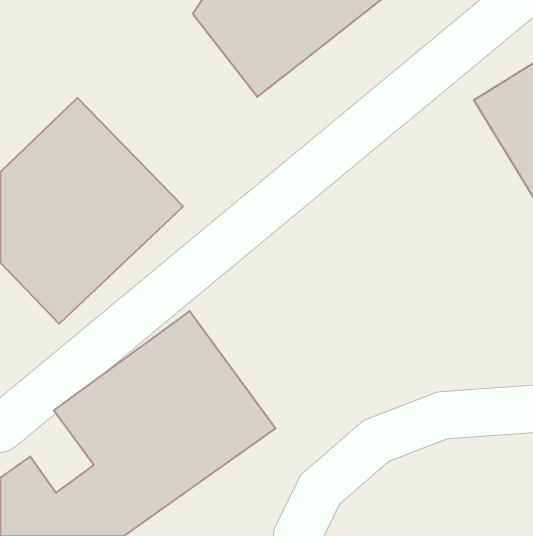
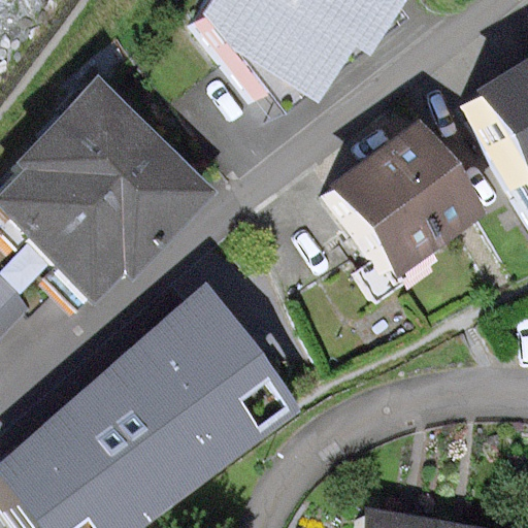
building: none -> [333,131,467,266]

